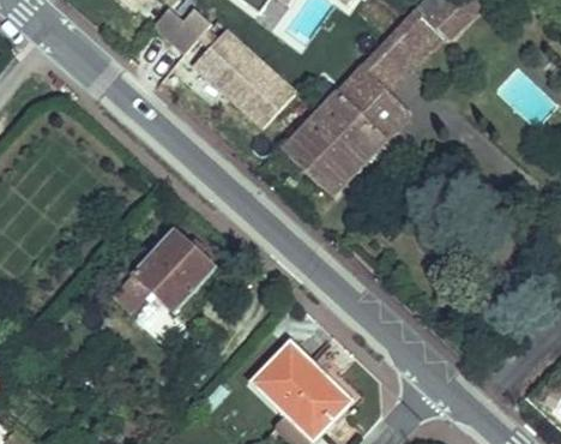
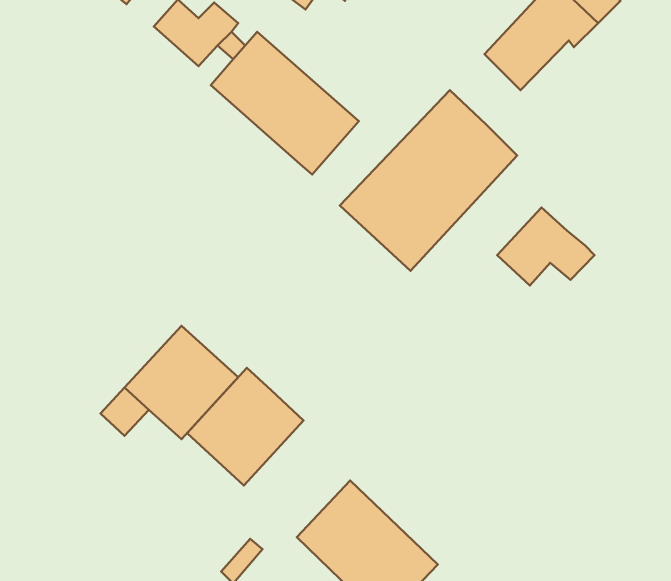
building: [358,42,408,91] -> none
building: none -> [497,208,595,286]
building: none -> [187,368,304,485]

